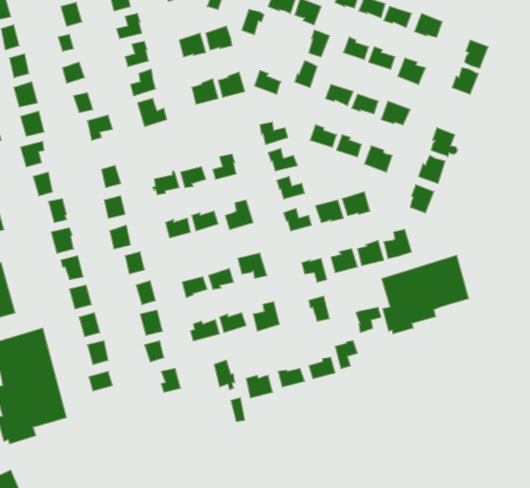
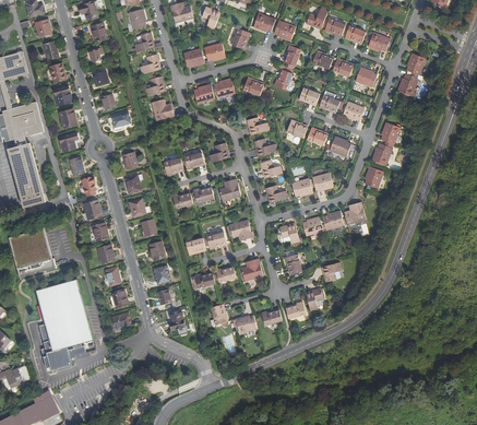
building: [382,255,469,334] -> none

